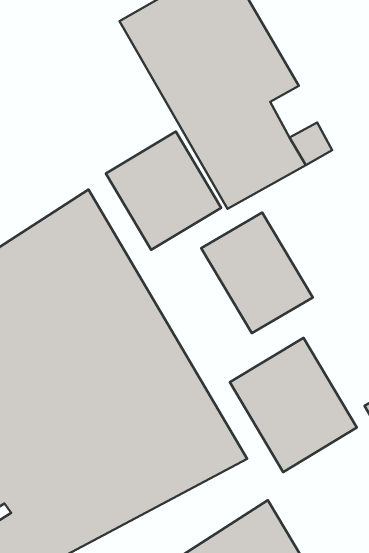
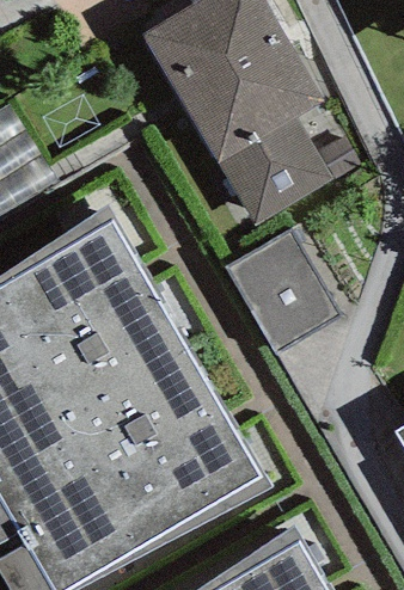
building: [106,131,221,250] -> none
building: [230,338,357,472] -> none

